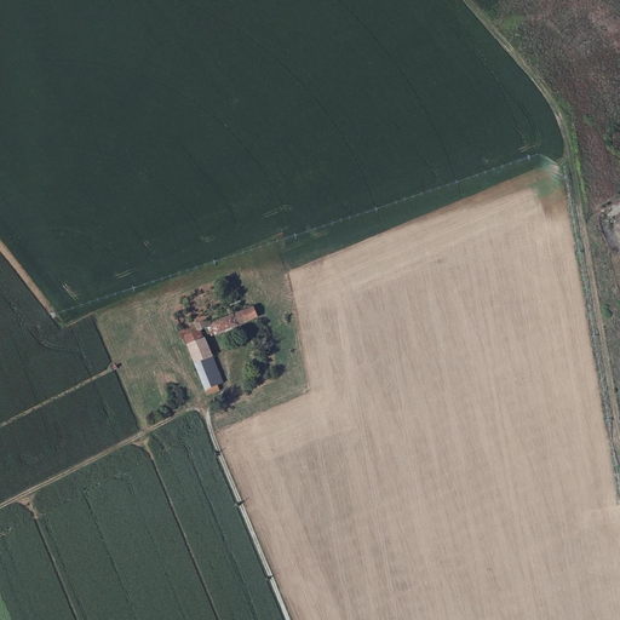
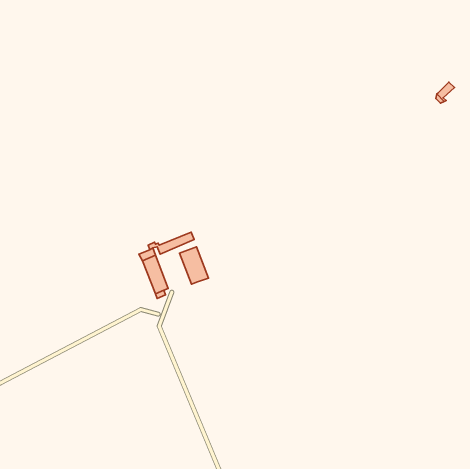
building: none -> [179,247,209,284]

